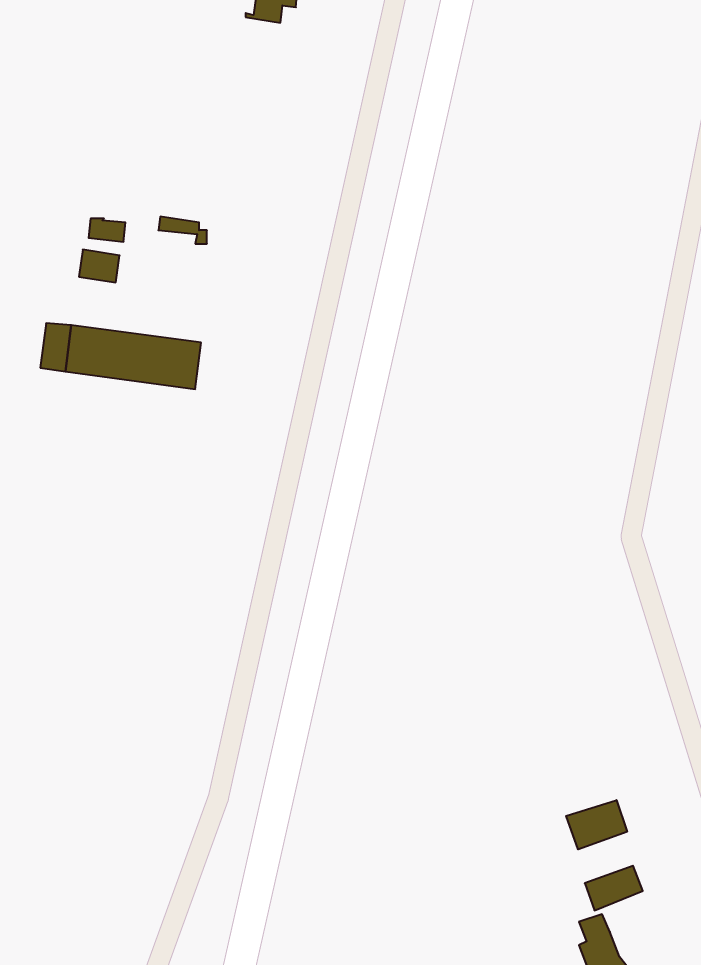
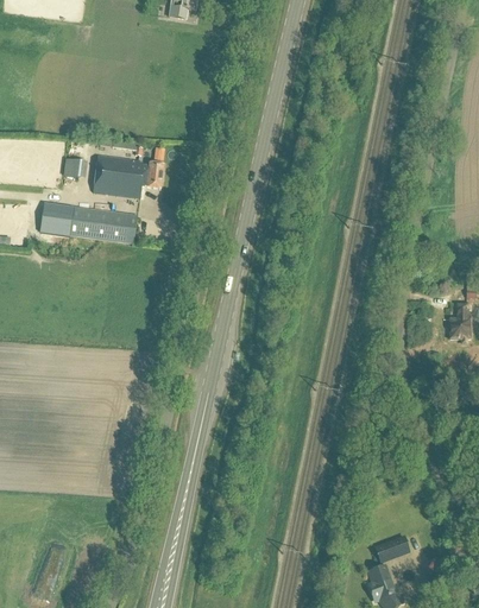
building: none -> [94,154,164,197]
building: [566,800,627,849] -> none

